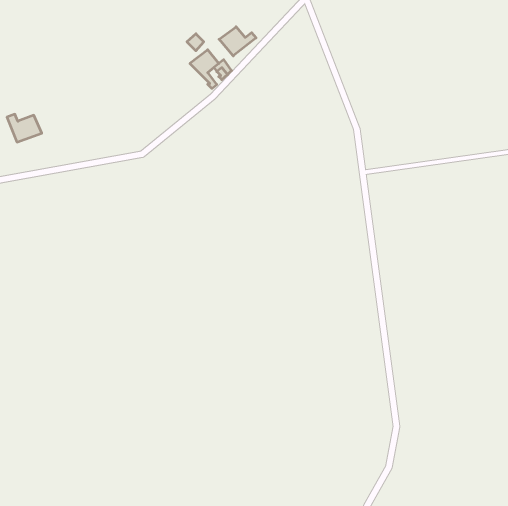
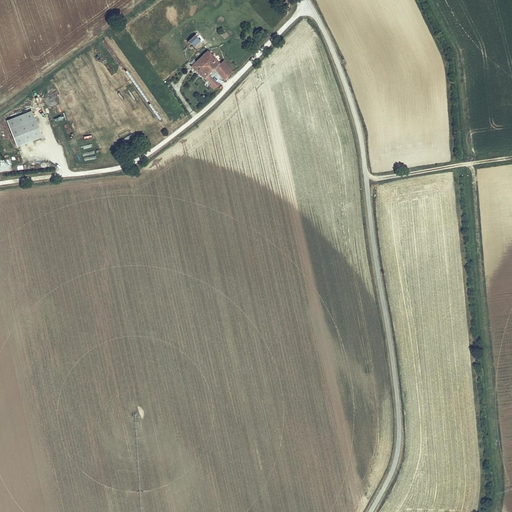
building: [219,27,256,56] -> none

